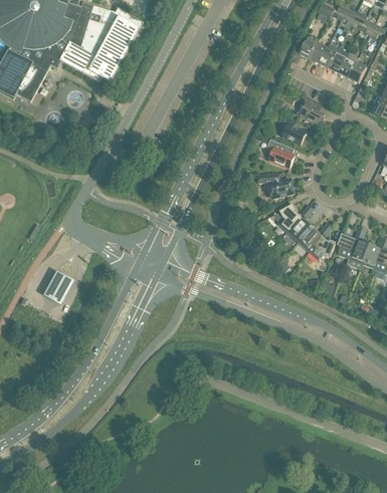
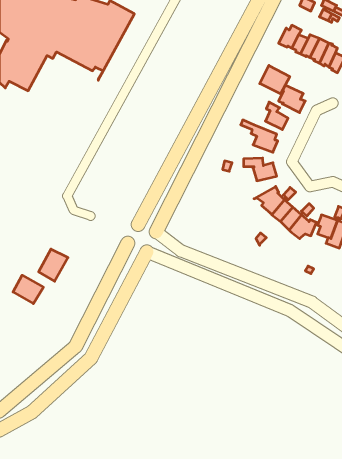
building: none -> [260,65,290,94]
building: none -> [13,275,43,304]

